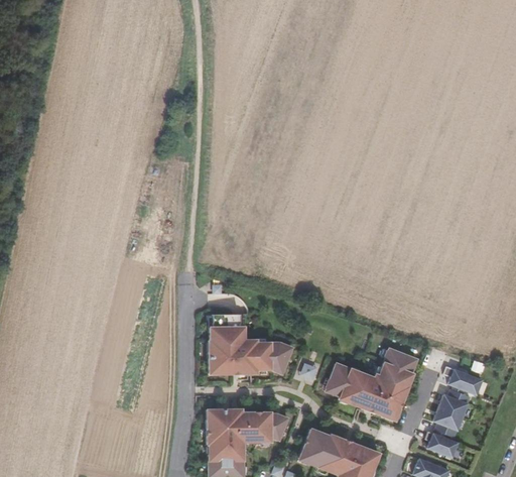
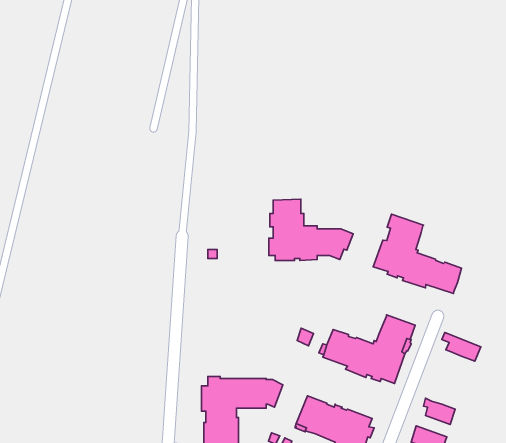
building: none -> [373,214,462,293]
building: [210,314,292,374] -> [269,199,353,261]
building: [432,390,470,439] -> none

